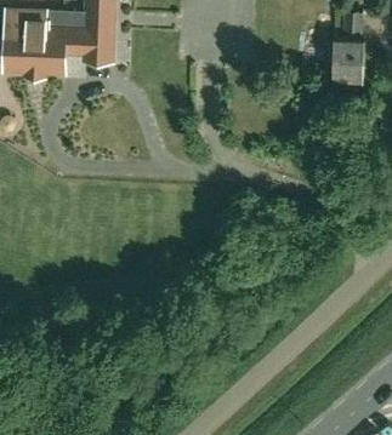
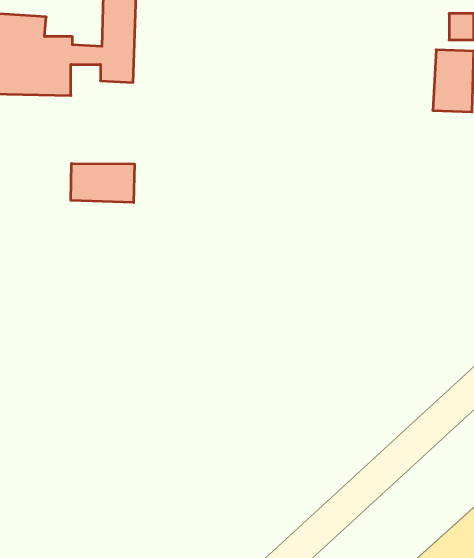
building: none -> [71,163,134,203]

